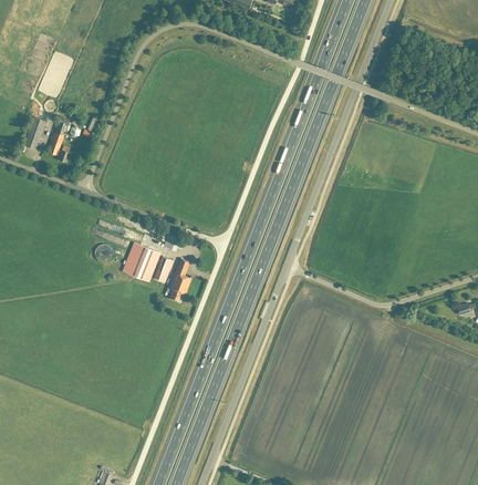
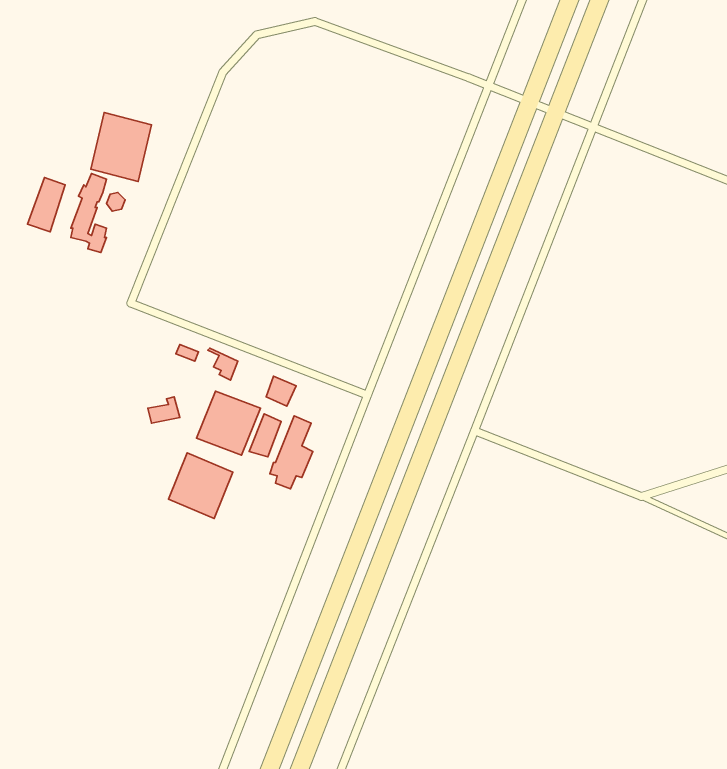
building: none -> [91,112,152,182]
building: none -> [168,453,233,519]

